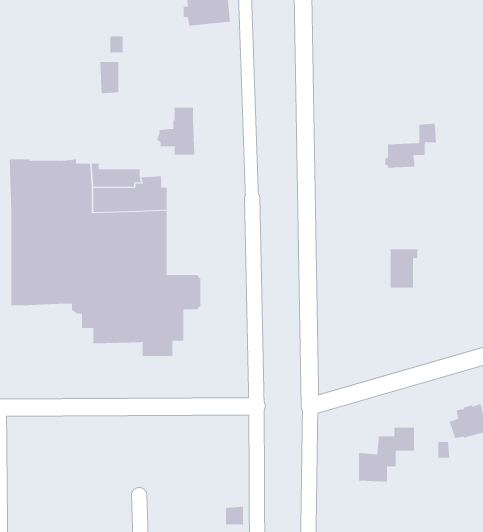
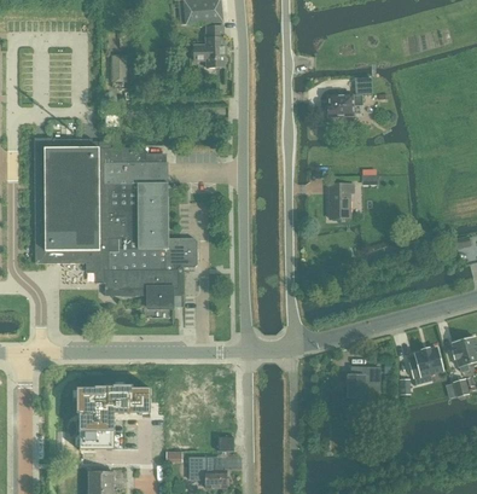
building: [157,107,195,155] -> [192,25,225,66]
building: [384,123,437,168] -> [326,77,371,116]
building: [390,249,418,288] -> [328,184,353,217]
building: none -> [76,385,150,449]

